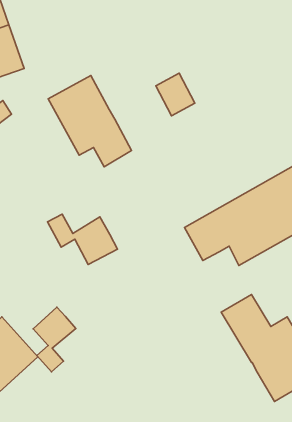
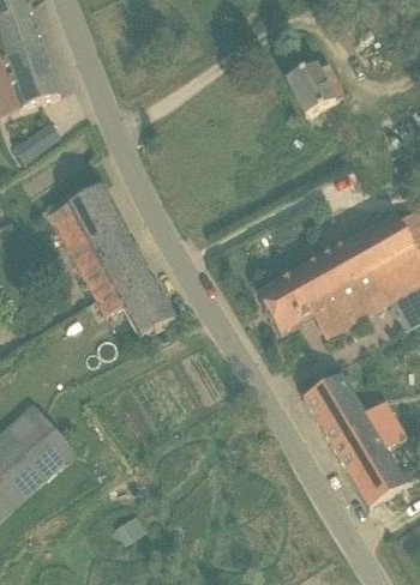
building: [156,73,195,116] -> [286,62,334,115]
building: [48,76,131,167] -> [49,185,152,297]
building: [33,307,76,372] -> none

